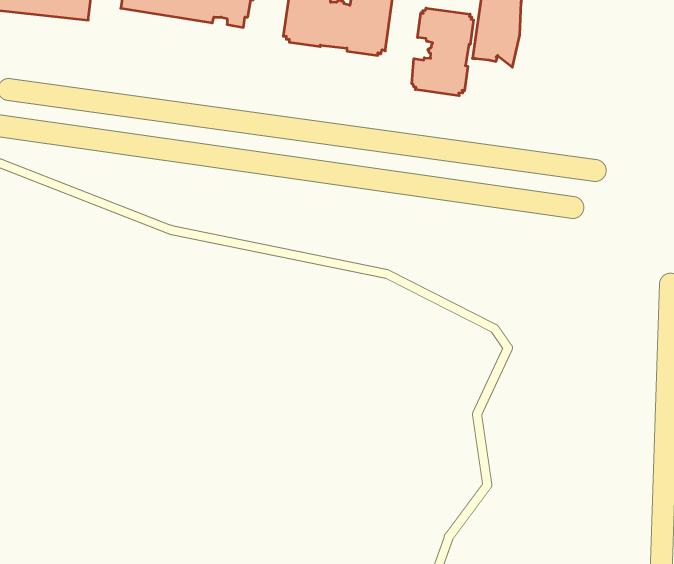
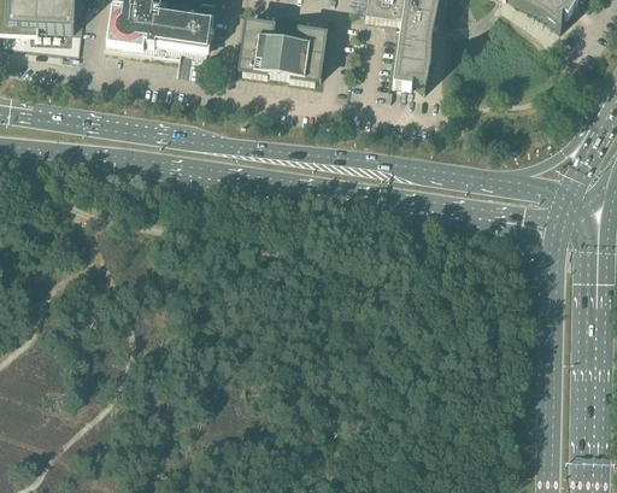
building: [412,8,474,96] -> none

